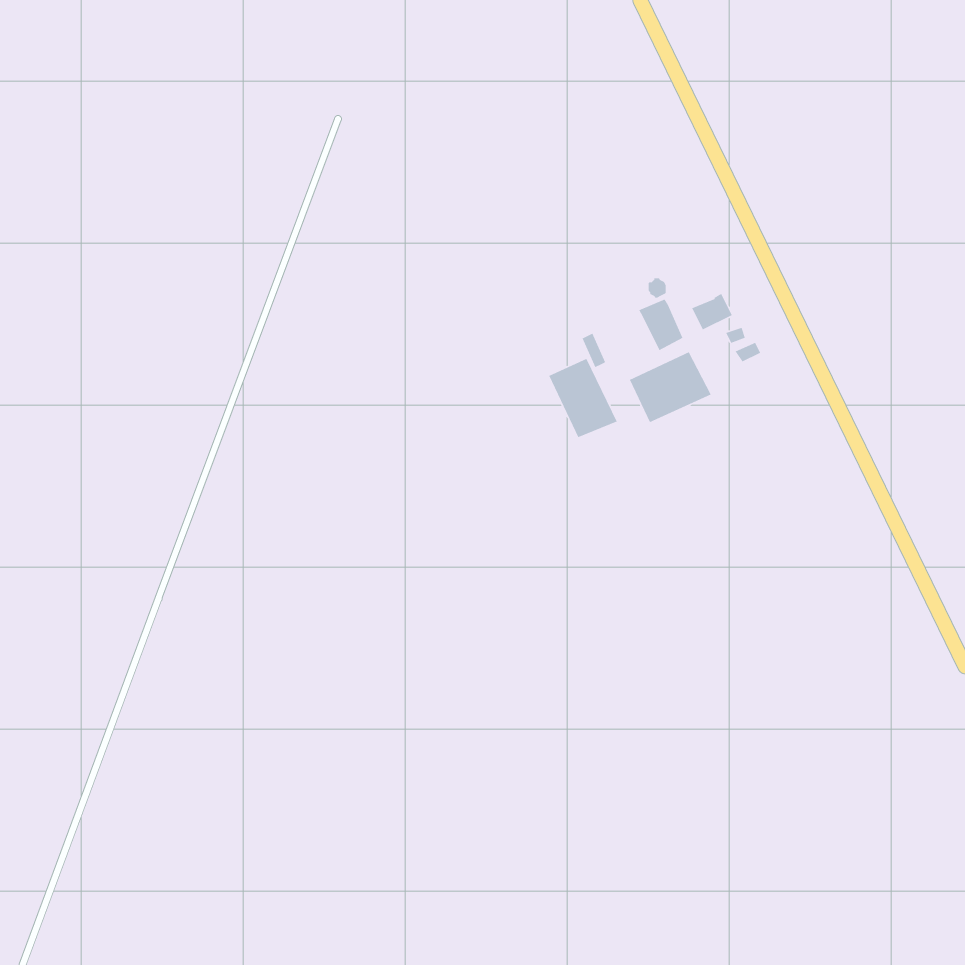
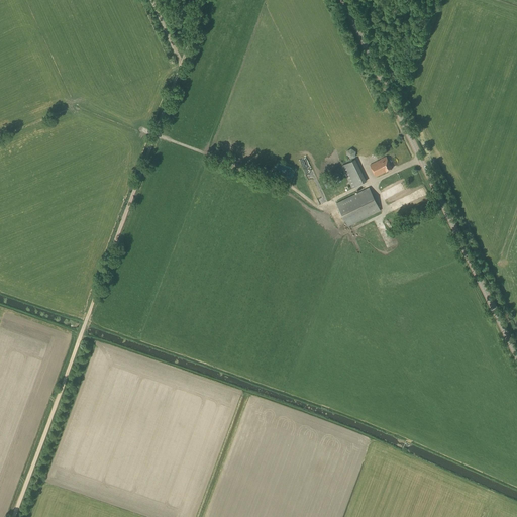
building: [548,358,618,438] -> none

